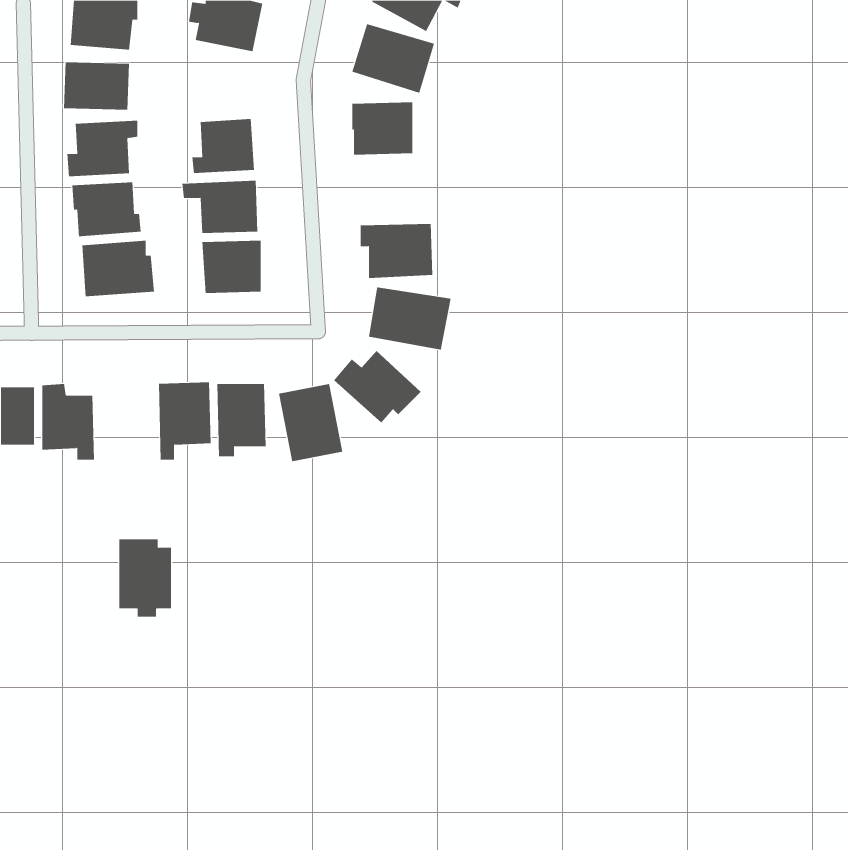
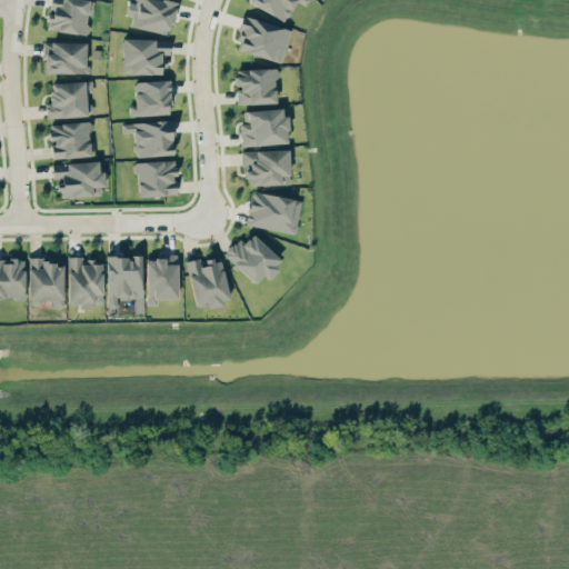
building: none -> [123,39,171,74]
building: none -> [241,109,289,146]
building: [119,539,172,617] -> [69,258,104,310]

